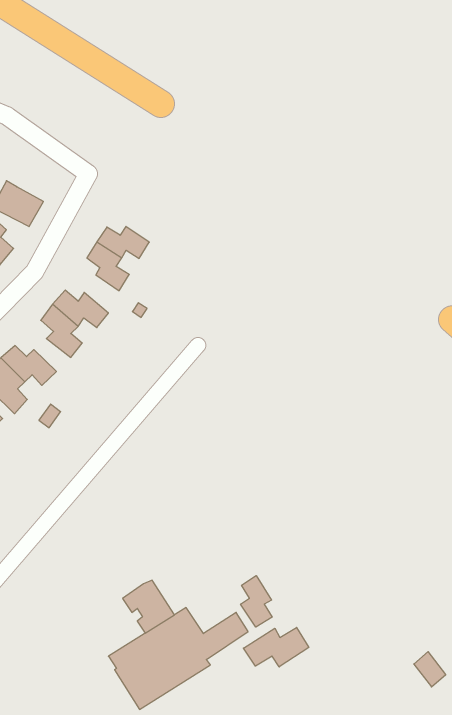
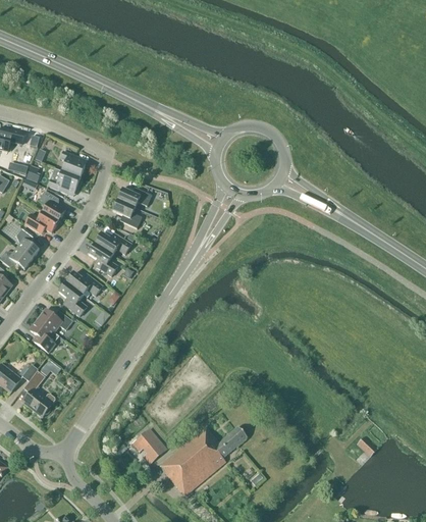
building: none -> [60,151,86,177]
building: [241,576,272,627] -> none
building: [123,580,175,633] -> [131,428,166,463]
building: [243,627,309,667] -> none

